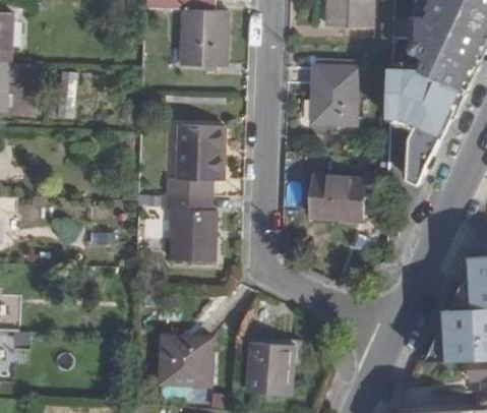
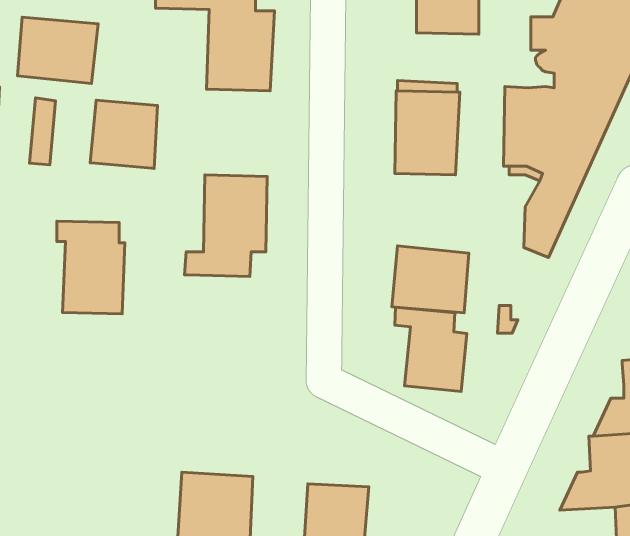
building: none -> [18,17,98,83]
building: none -> [90,100,157,169]
building: [167,195,215,260] -> [57,221,125,314]
building: none -> [395,307,467,391]

